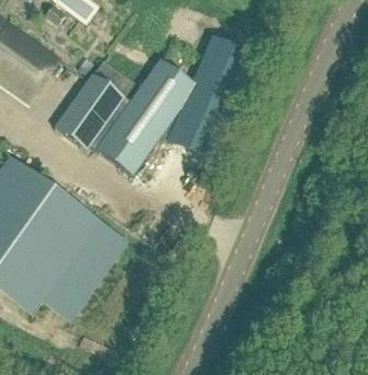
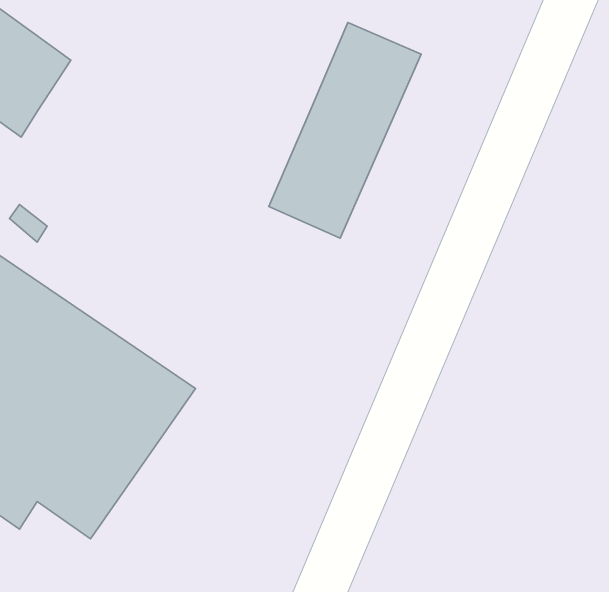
building: [55,57,136,149] -> none
building: [95,58,193,174] -> none

